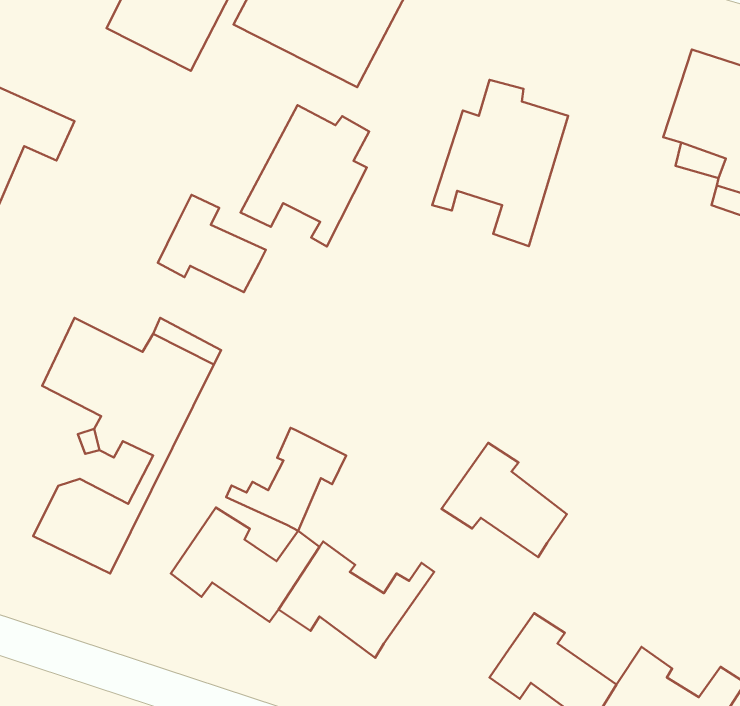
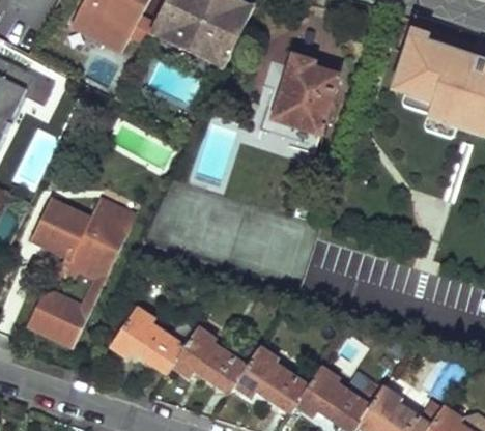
building: [241,105,369,246] -> none
building: [158,195,266,292] -> none
building: [226,428,346,531] -> none
building: [442,443,567,557] -> [233,346,306,412]

